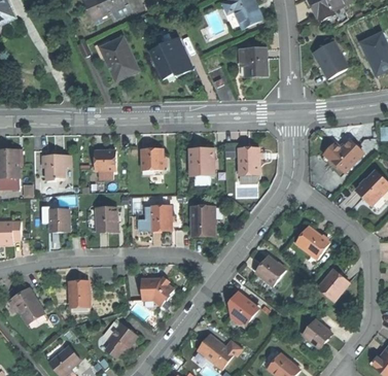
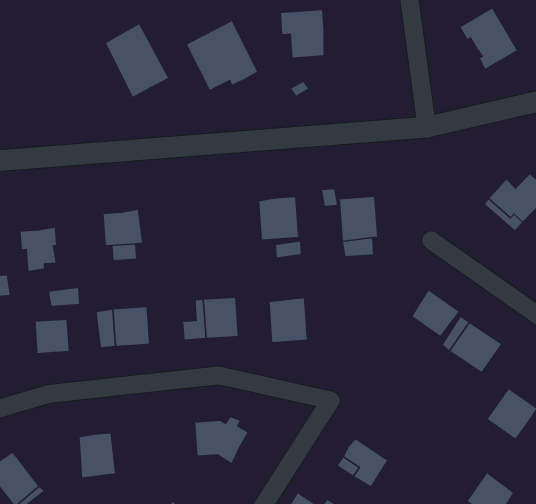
building: [241,48,267,76] -> [280,10,324,58]
building: [140,146,162,168] -> none
building: [256,253,285,282] -> [412,289,459,337]

